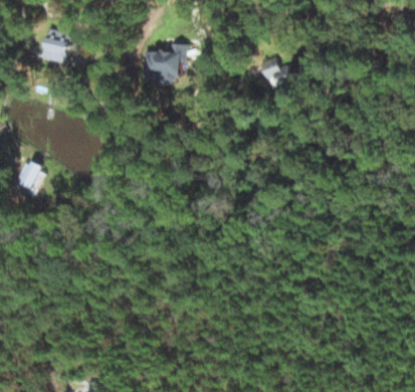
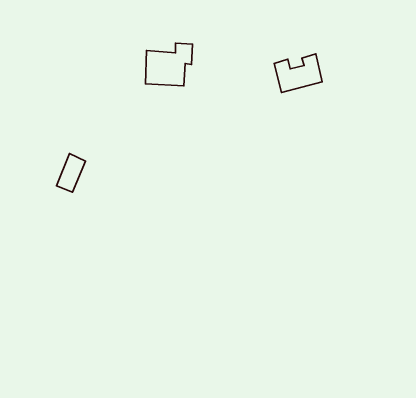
building: [41,28,70,62] -> none
building: [18,160,45,196] -> [57,154,86,192]

